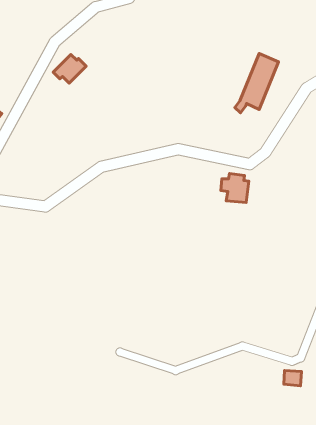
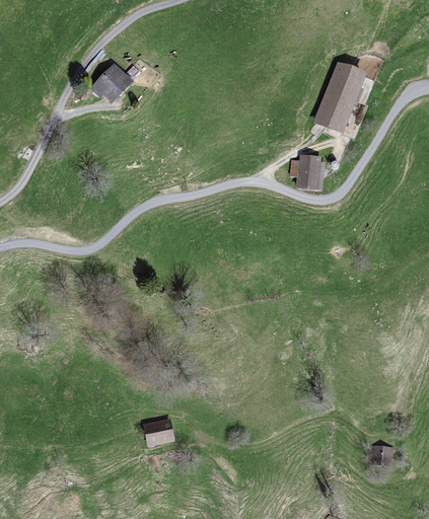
building: [221,174,249,202] -> [291,154,325,189]
building: none -> [145,418,172,444]

